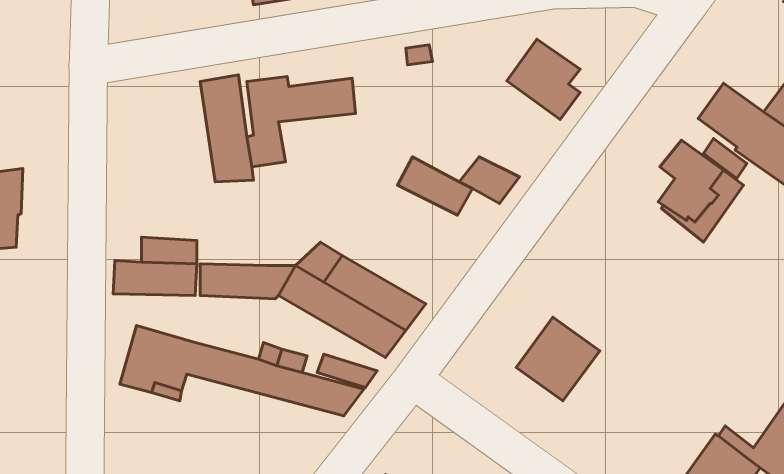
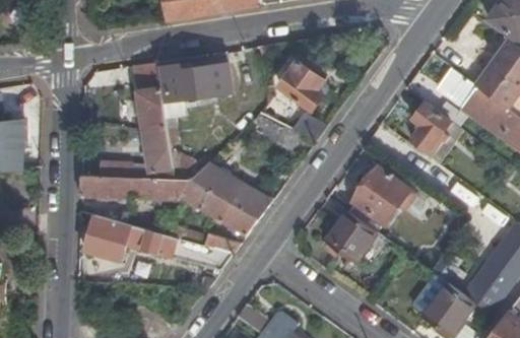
building: [507,39,580,119] -> [278,59,323,108]
building: none -> [142,126,173,170]
building: none -> [351,164,410,223]

